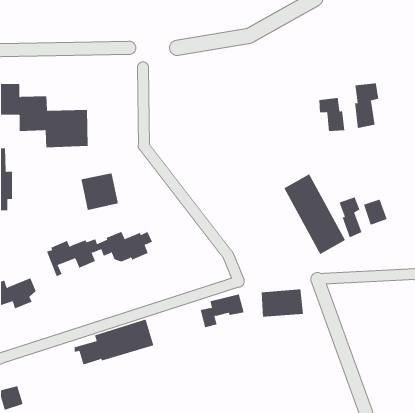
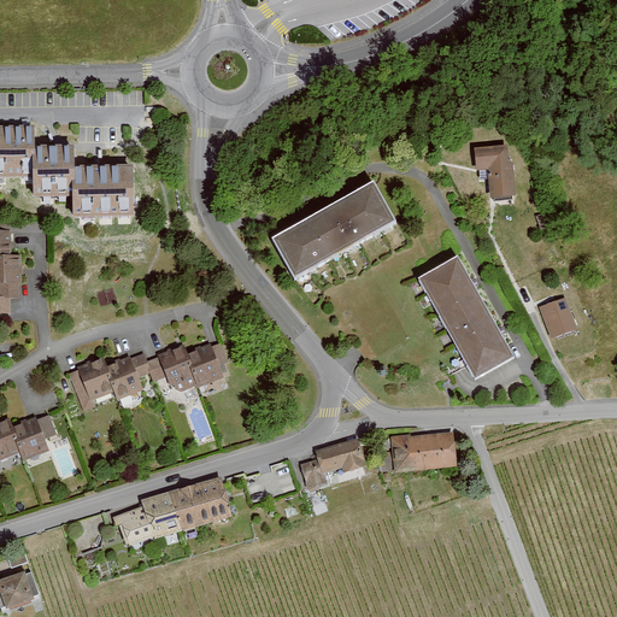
building: [354,82,379,129] -> none
building: none -> [272,183,396,278]
building: [81,173,118,211] -> none
building: [339,197,362,238] -> none

